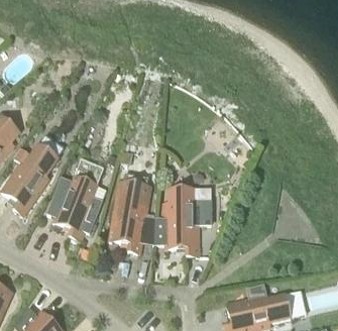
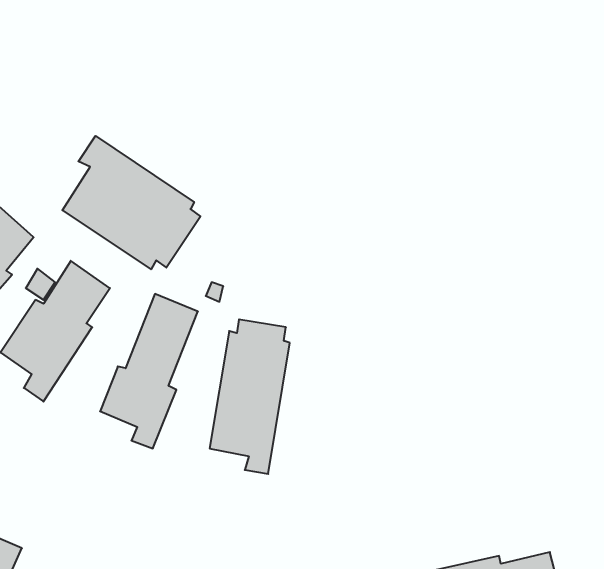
building: none -> [62,136,200,269]
building: [161,189,213,256] -> none

